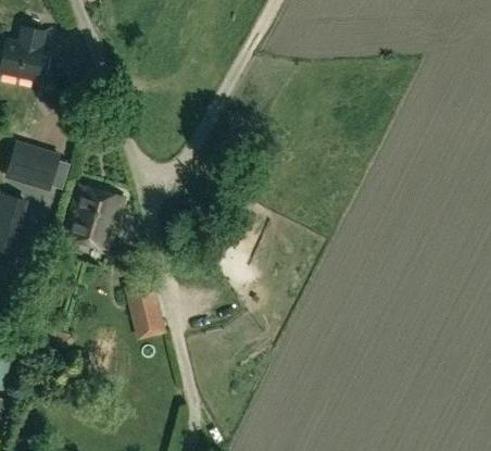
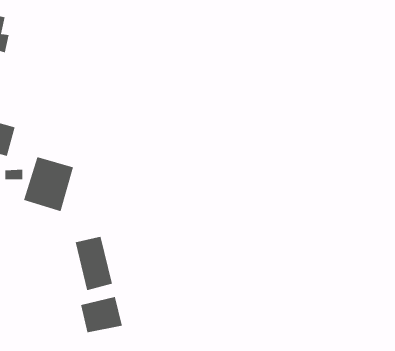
building: none -> [81,296,122,333]

